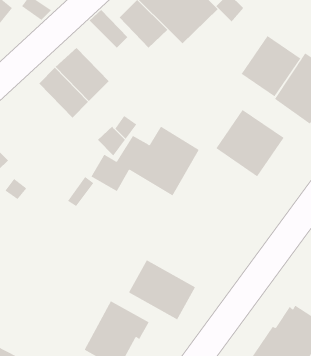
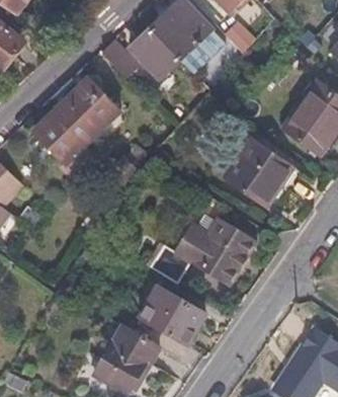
building: [241,35,301,97] -> none
building: none -> [33,112,84,164]
building: [90,126,200,196] -> [156,221,263,290]

